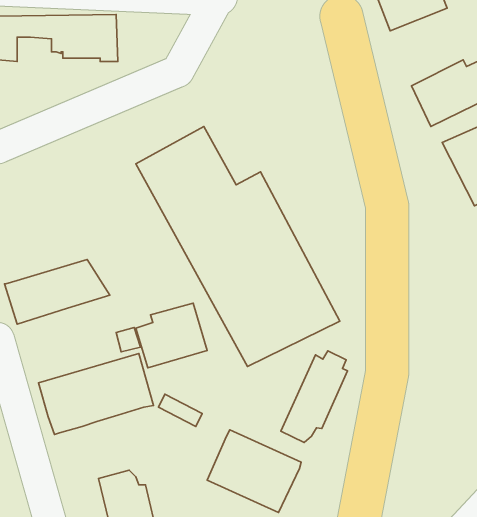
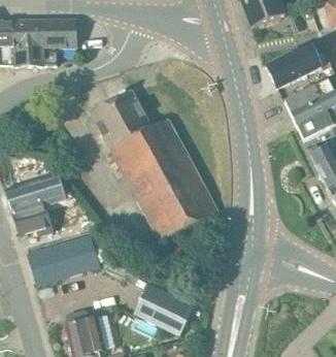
building: none -> [13,32,66,65]
building: [136,303,207,368] -> none
building: none -> [13,204,54,236]
building: [281,351,348,443] -> none

